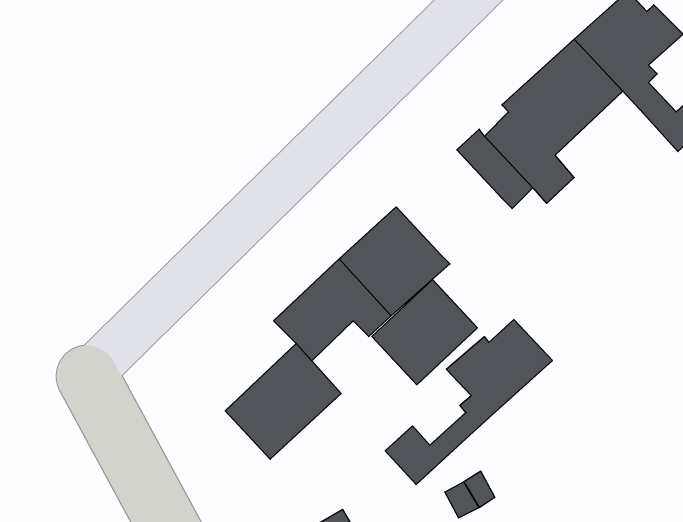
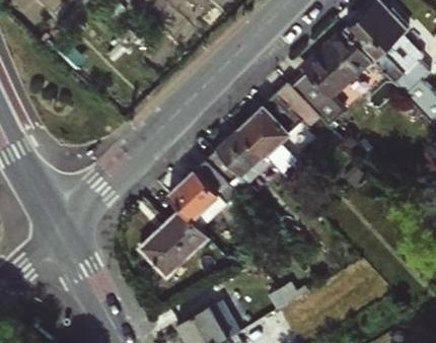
building: [372,279,477,385] -> [241,93,303,155]
building: [385,320,552,485] -> none

